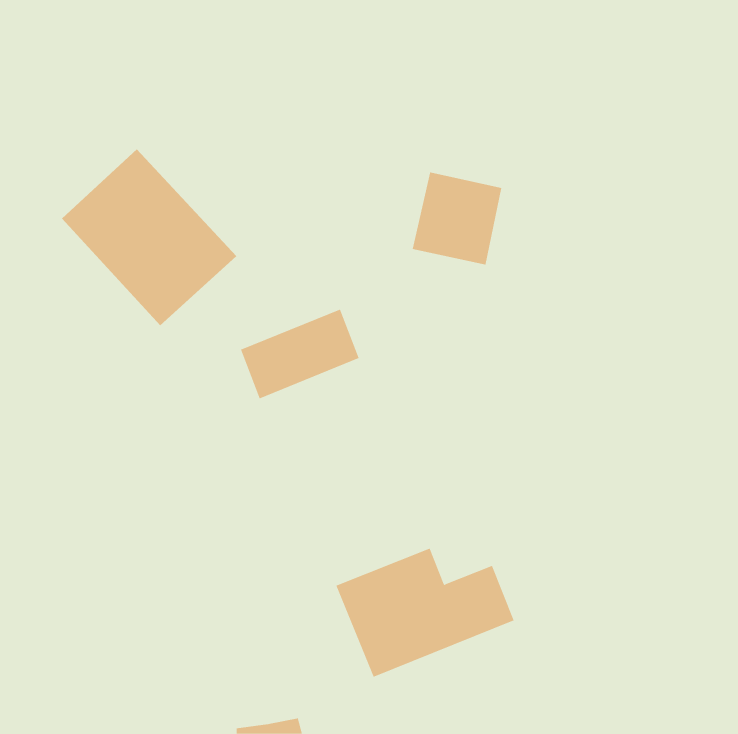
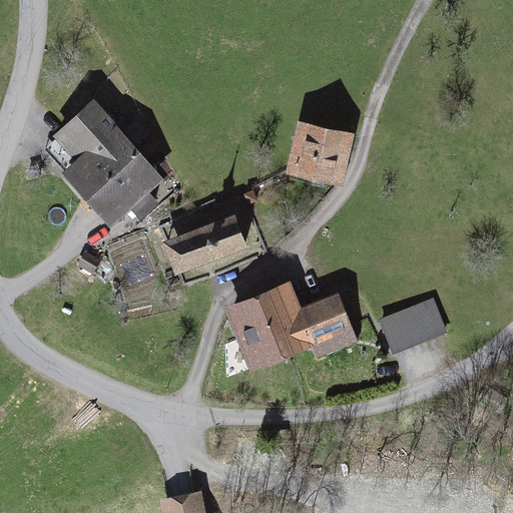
building: none -> [381,299,446,353]
building: [335,548,514,677] -> [228,284,352,373]

